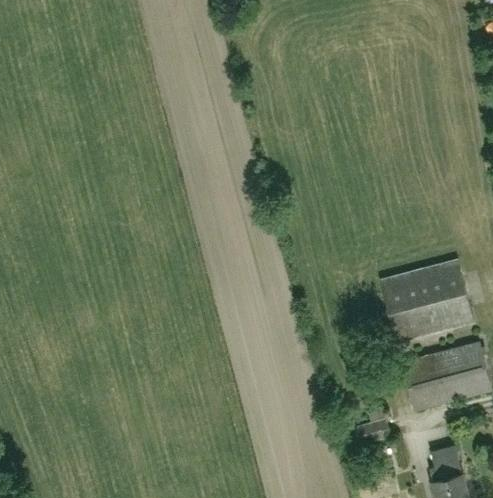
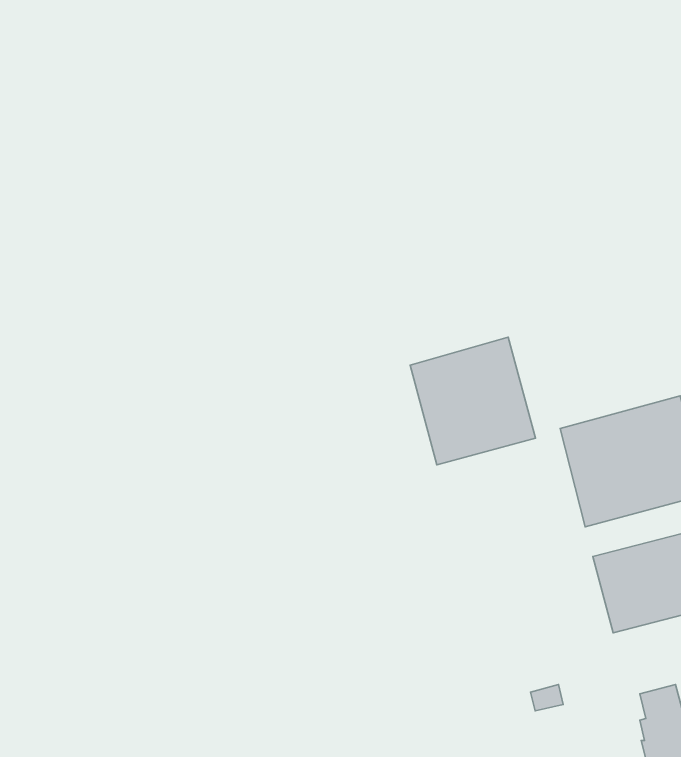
building: none -> [410,337,536,465]
building: [353,418,389,446] -> none

